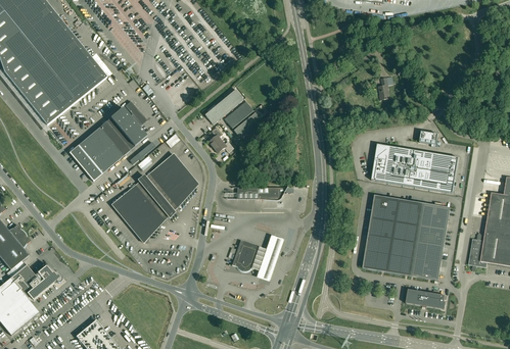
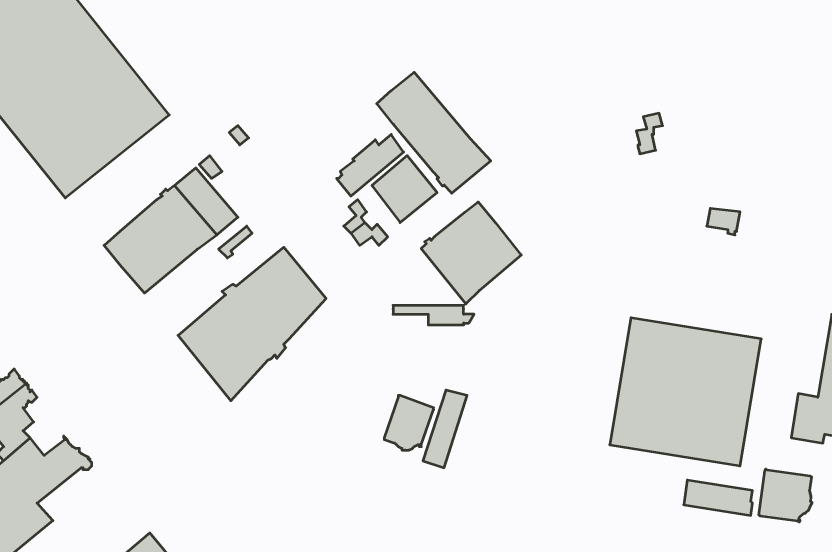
building: none -> [377,72,491,193]
building: none -> [421,202,521,304]
building: [370,143,457,192] -> none
building: none -> [759,469,812,522]

